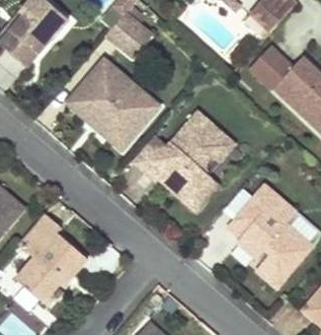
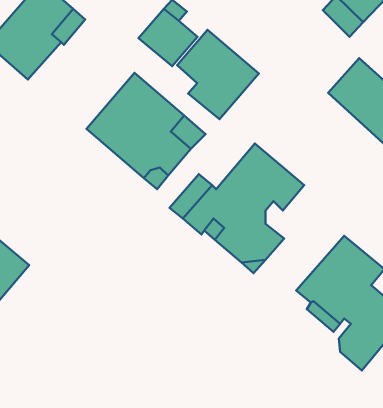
building: none -> [177,30,259,119]
building: [15,211,87,305] -> none

